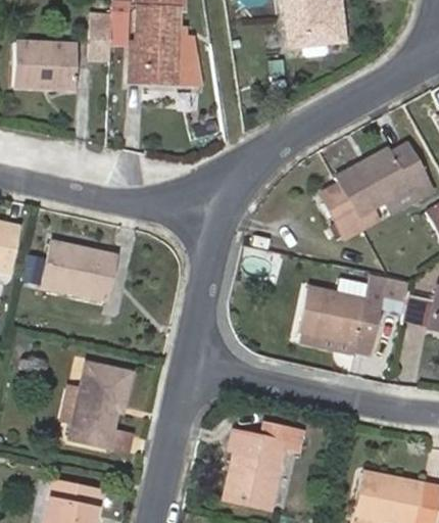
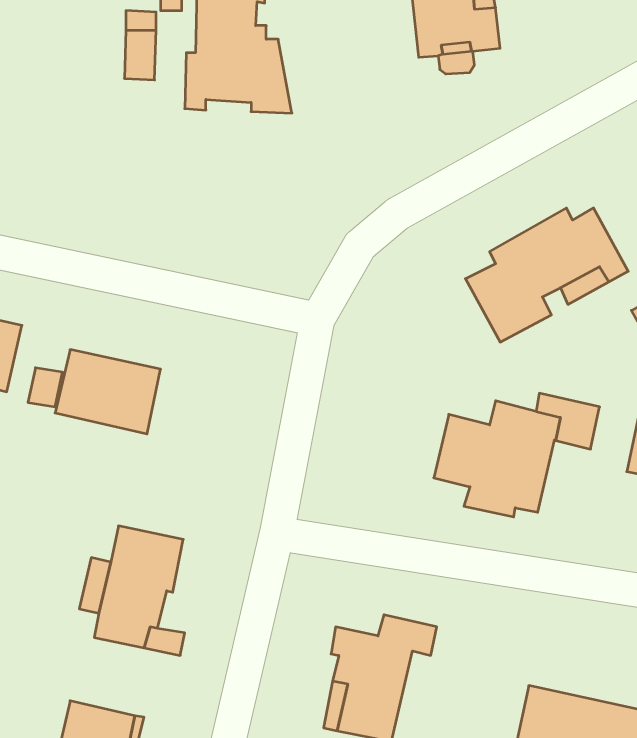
building: [14,42,77,89] -> none

